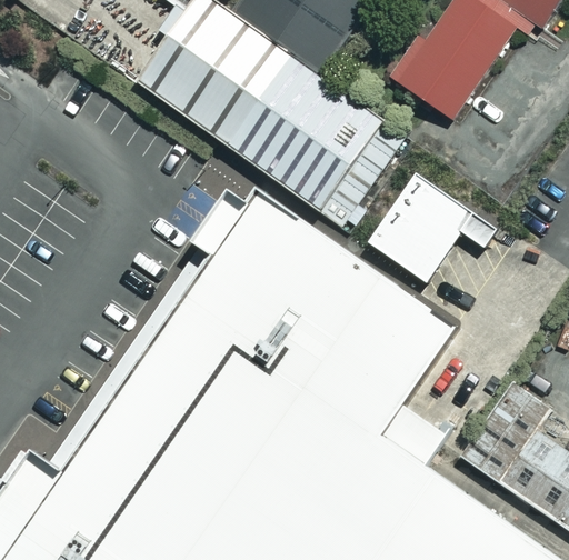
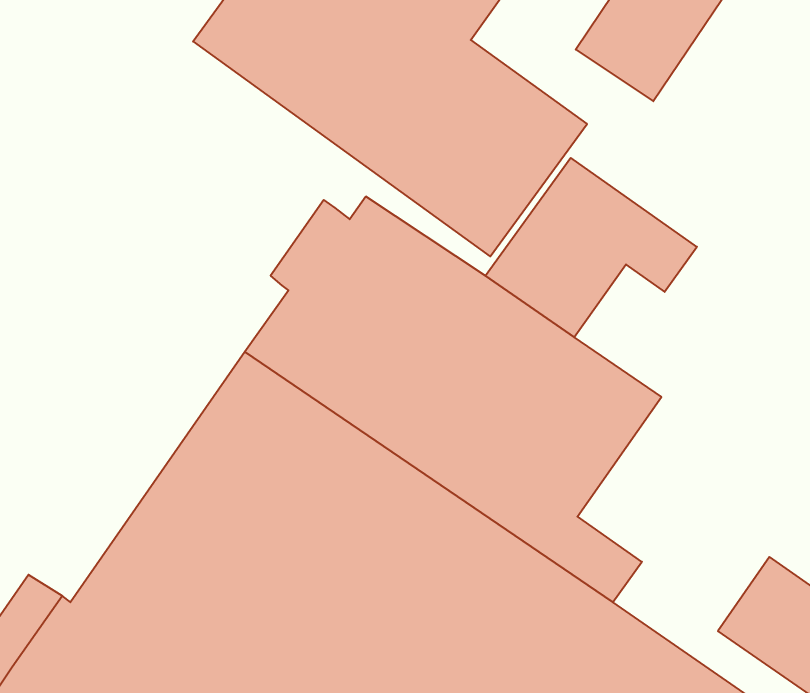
building: [458,386,547,484] -> none

